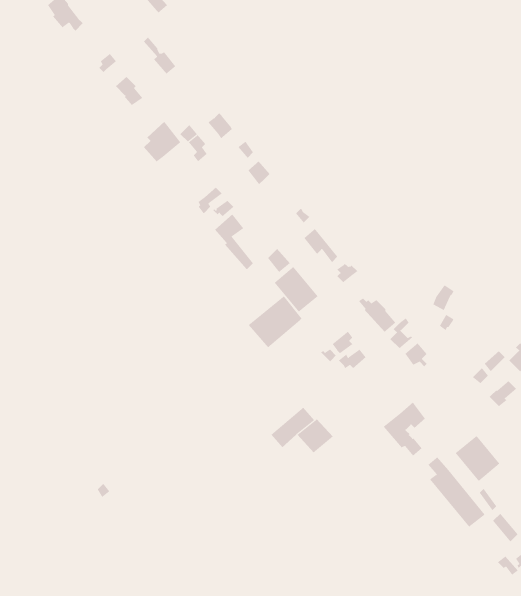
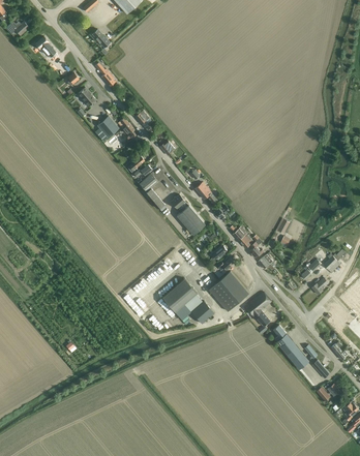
building: [248,295,302,348] -> [162,279,197,312]
building: none -> [210,272,249,312]
building: [455,435,500,482] -> none

